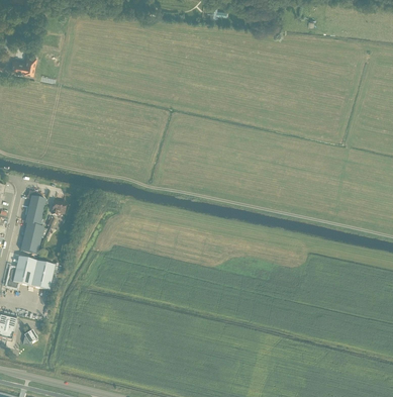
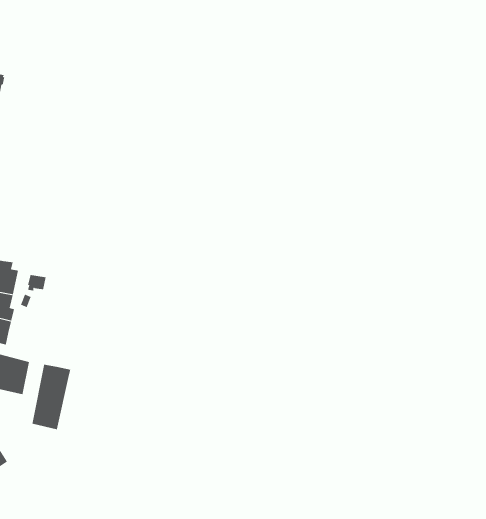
building: none -> [32,364,71,430]

